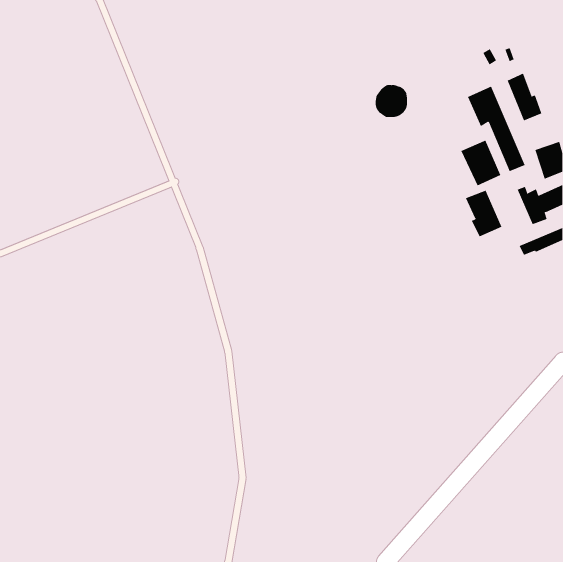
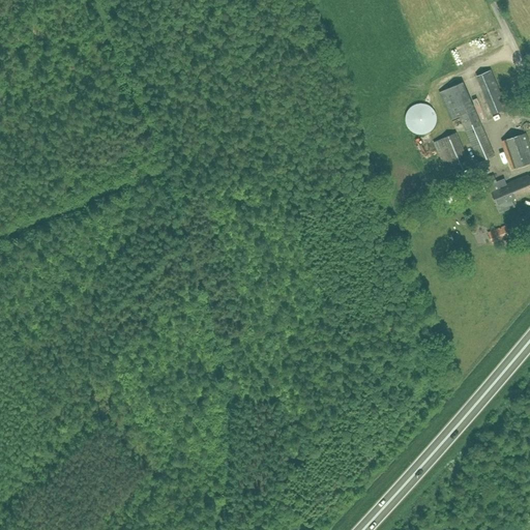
building: [375,85,408,118] -> [405,102,436,134]
building: [465,190,502,237] -> none

